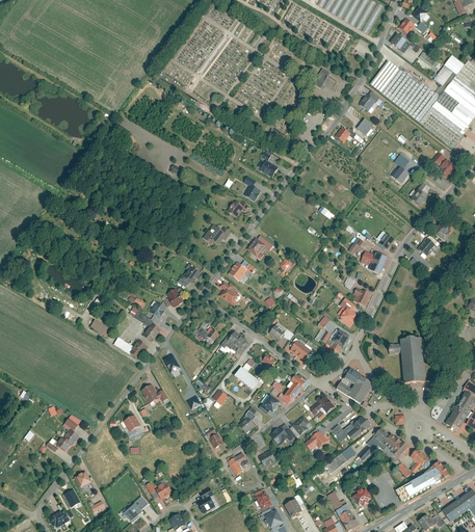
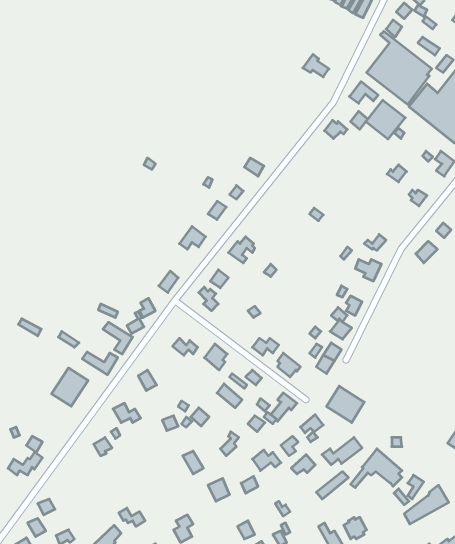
building: none -> [366,100,405,139]
building: [394,337,430,381] -> none
building: none -> [52,368,88,406]

